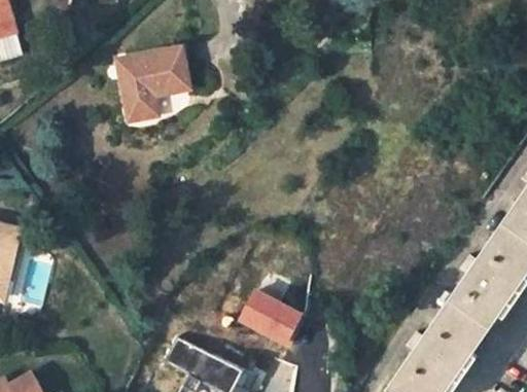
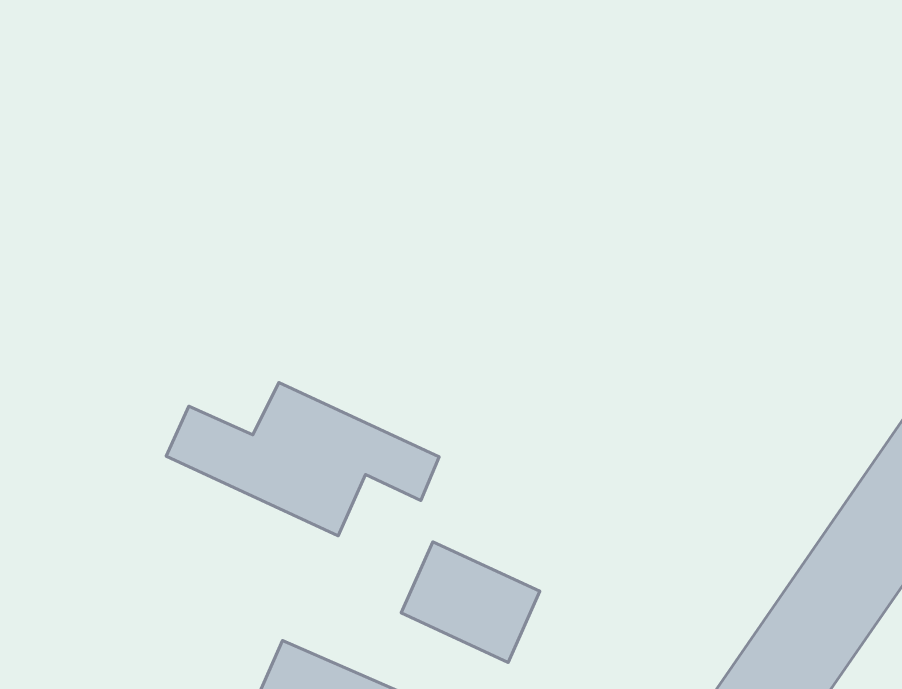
building: [115,45,185,115] -> none
building: none -> [166,383,439,536]

